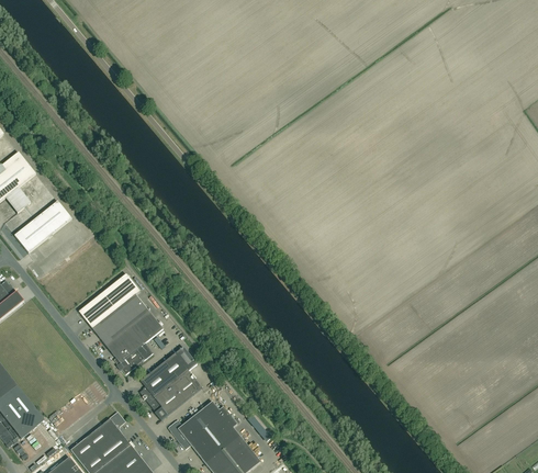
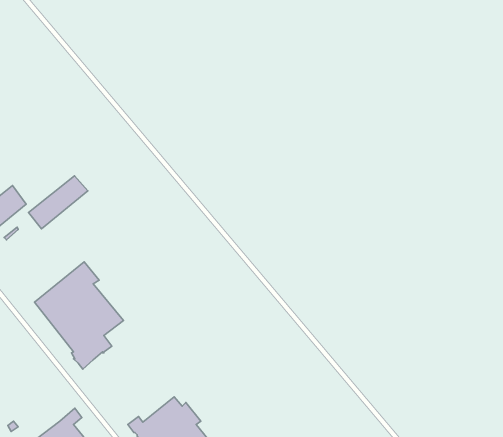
building: none -> [28,176,88,229]
building: [138,347,201,421] -> none

